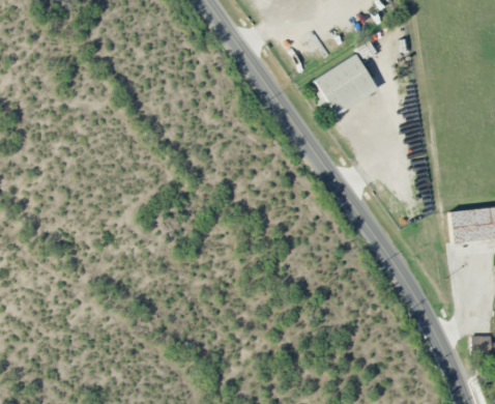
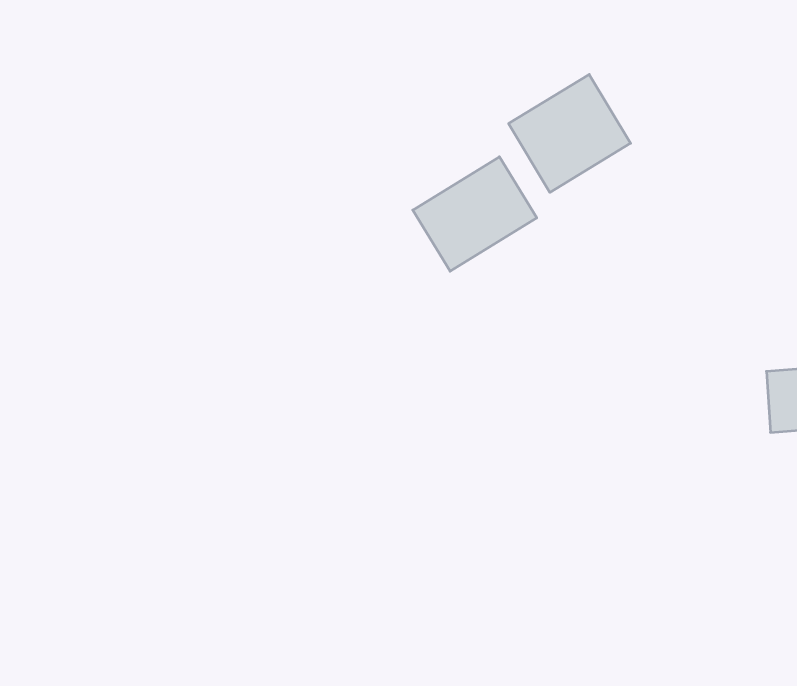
building: none -> [413,157,537,271]

